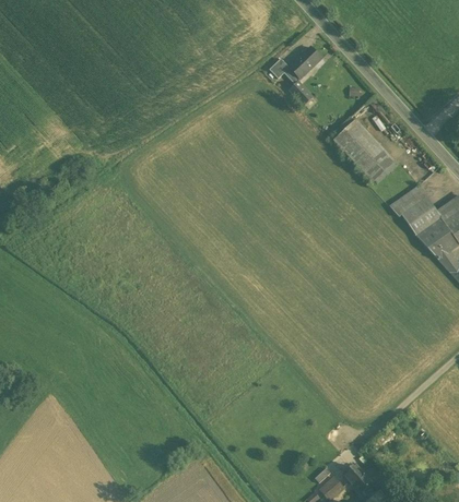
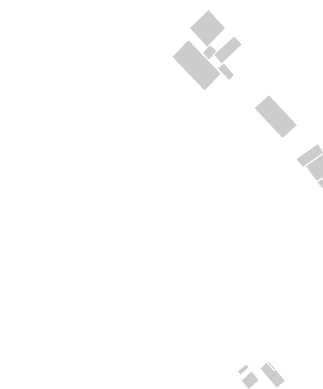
building: none -> [189,9,226,47]
building: none -> [172,40,221,91]

